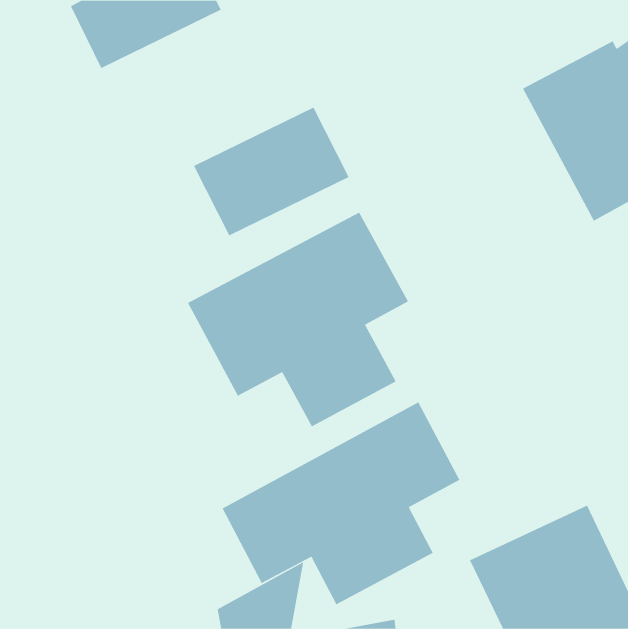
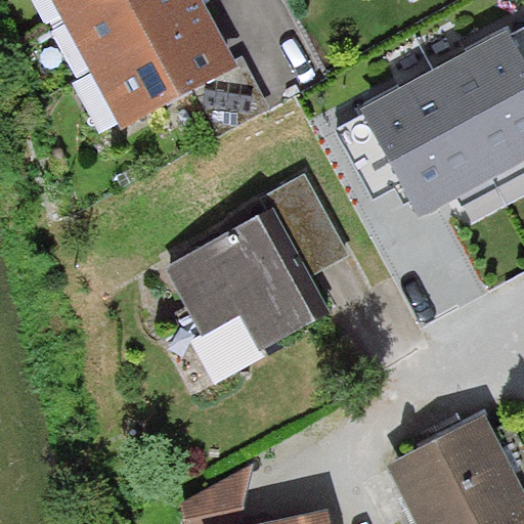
building: none -> [341,74,494,222]
building: [193,107,350,236] -> [85,8,215,116]
building: [222,402,460,605] -> none

